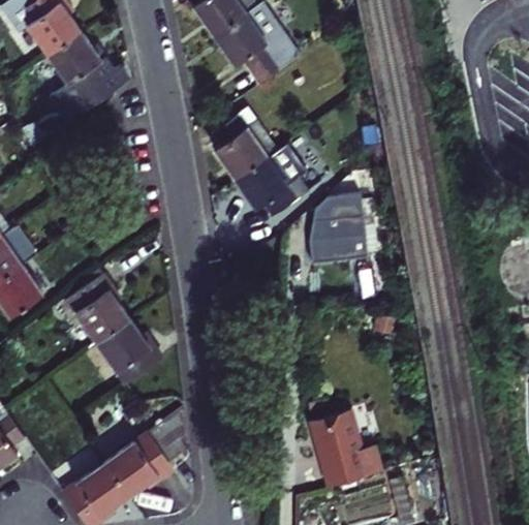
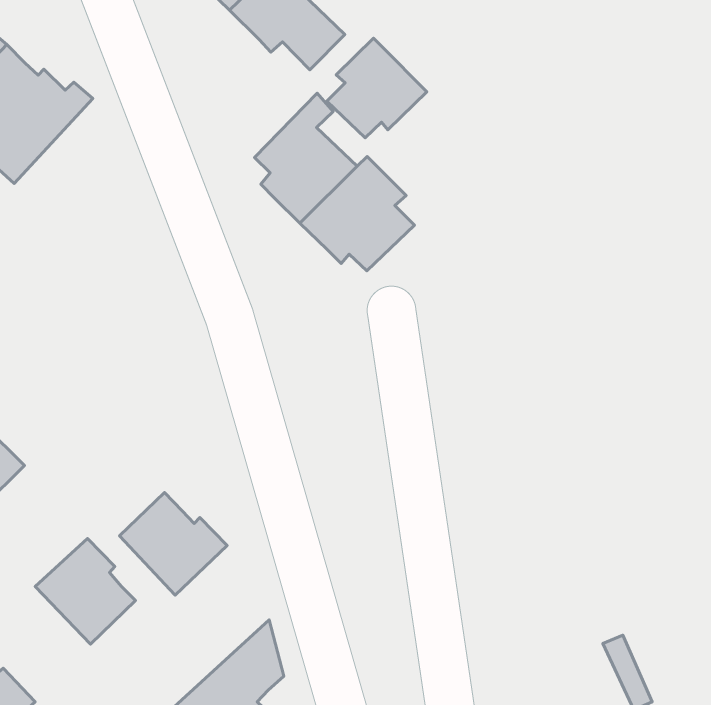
building: none -> [327,38,427,138]
building: [309,175,375,290] -> none
building: [65,286,127,353] -> [35,539,135,644]
building: [309,402,381,477] -> none

